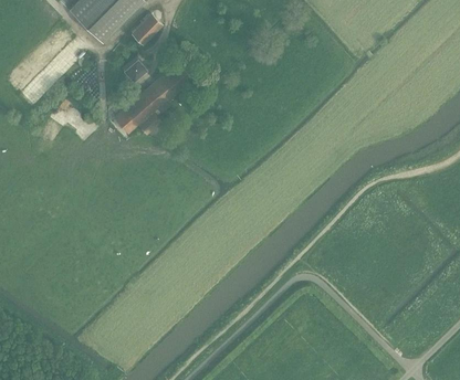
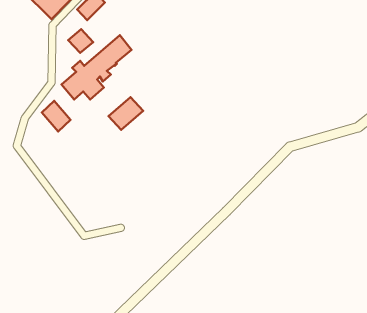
building: none -> [108,97,143,130]
building: none -> [42,101,70,131]

